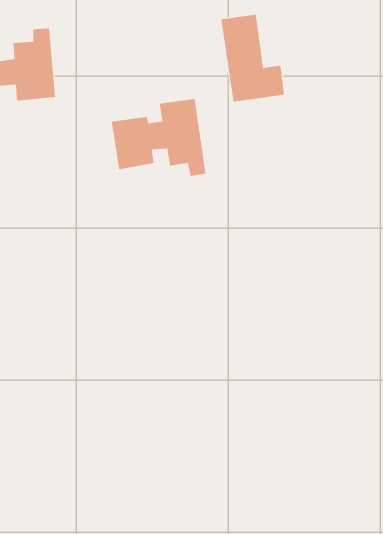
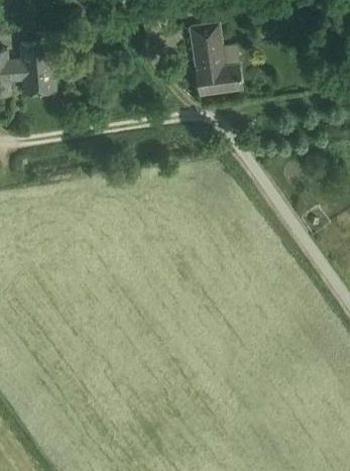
building: [111,98,206,177] -> none

